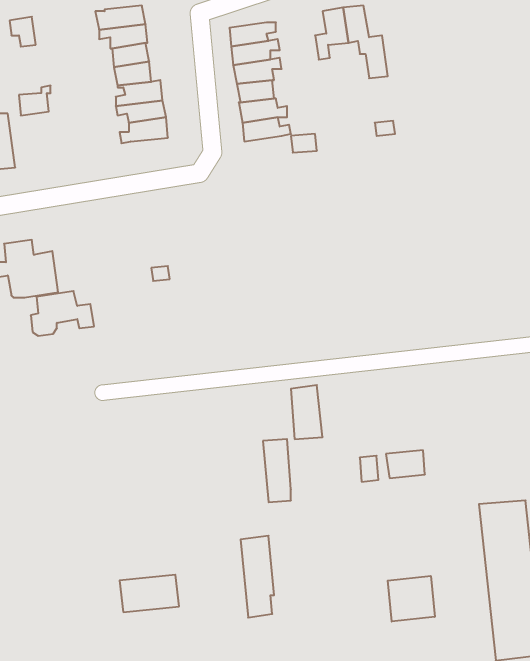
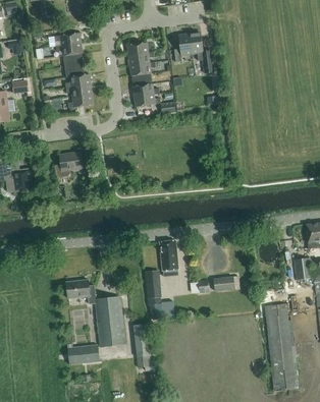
building: [31,291,94,336] -> [56,152,91,176]
building: none -> [65,280,124,347]
building: [388,576,435,622] -> none

